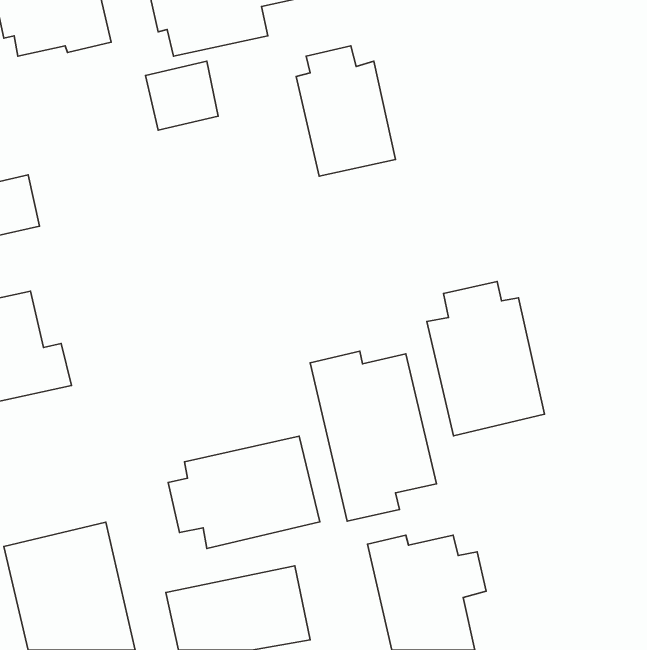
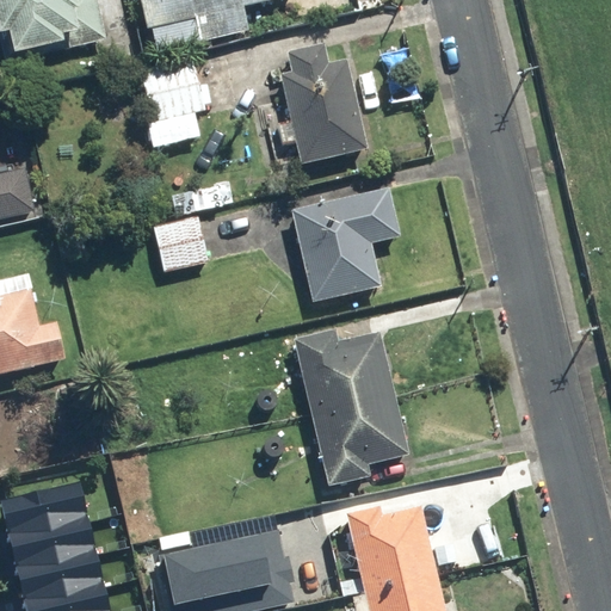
building: none -> [291,186,402,303]
building: none -> [153,215,209,272]
building: [427,281,545,436] -> none
building: [168,436,320,548] -> none

